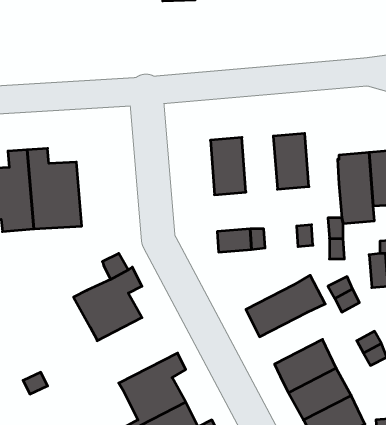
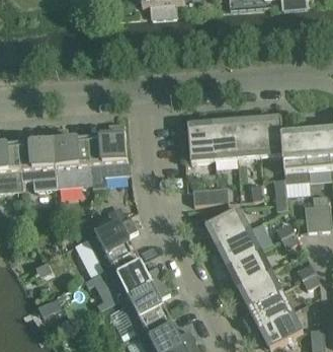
building: none -> [257,115,282,156]
building: none -> [211,119,237,160]
building: none -> [88,123,132,189]
building: none -> [202,208,249,248]
building: none -> [224,250,270,288]
building: none -> [84,254,163,312]

